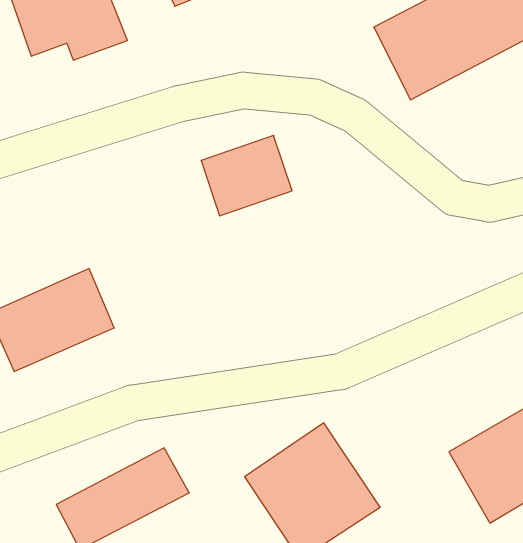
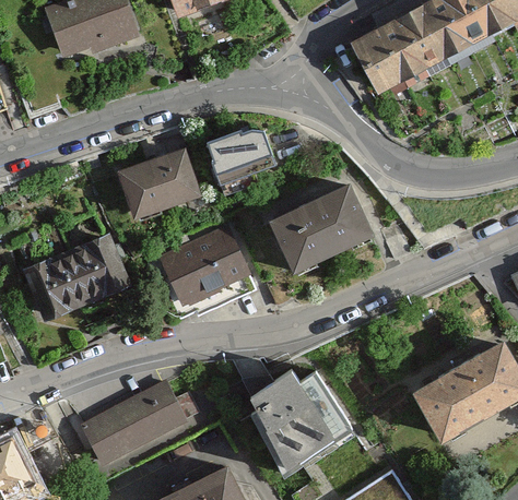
building: none -> [120,150,202,223]
building: none -> [274,188,376,274]
building: none -> [160,227,257,320]

